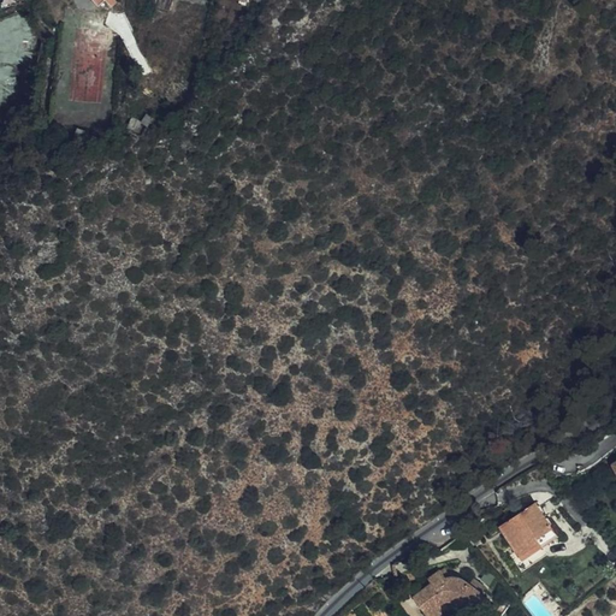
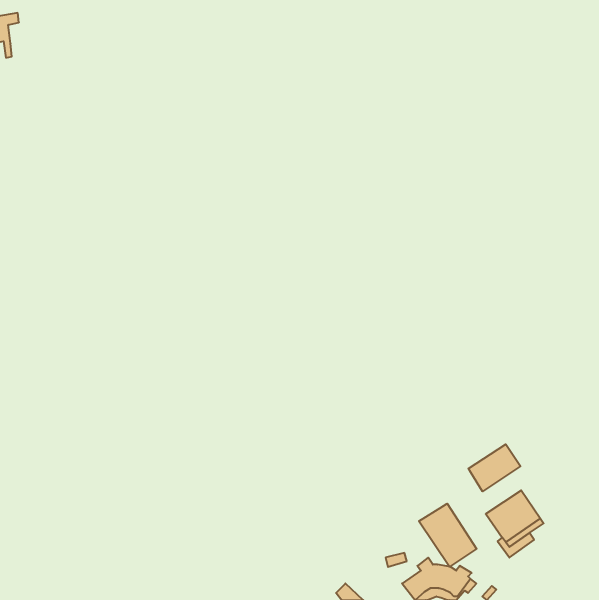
building: none -> [468,444,520,491]
building: none -> [419,504,477,567]

